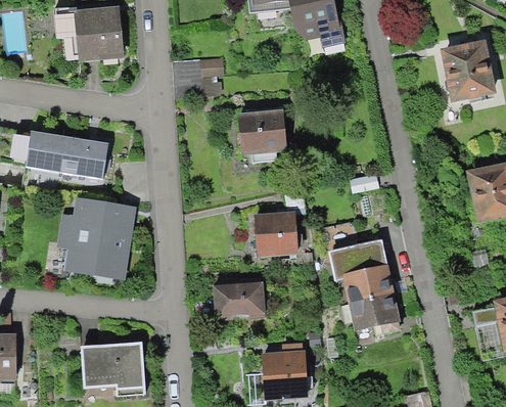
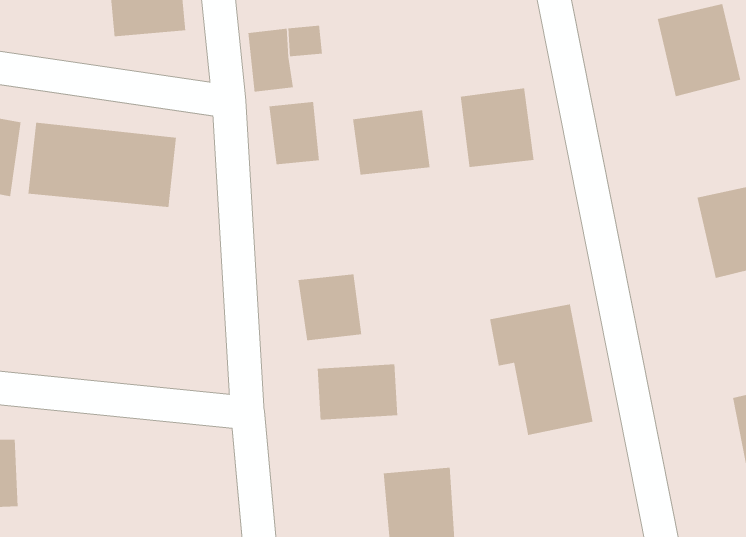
building: none -> [460,88,534,168]
building: none -> [268,101,320,165]
building: [57,193,131,273] -> none
building: [254,211,296,256] -> [297,273,362,341]
building: [81,341,145,390] -> none

